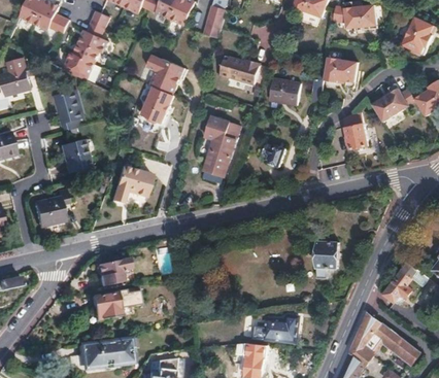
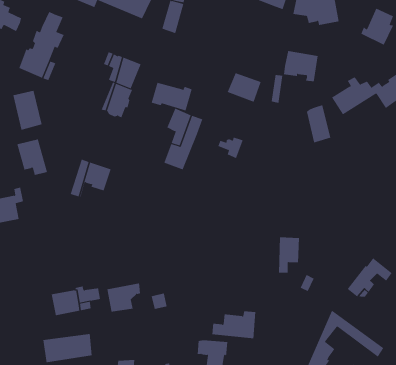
building: [221,56,262,84] -> [151,82,192,111]
building: [99,256,133,285] -> [107,283,141,312]

